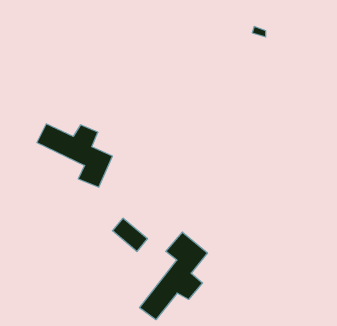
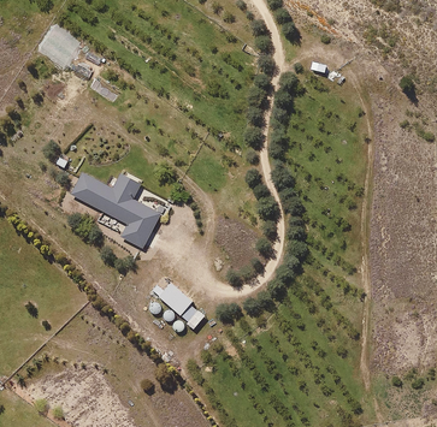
building: [140,232,207,320] -> none

